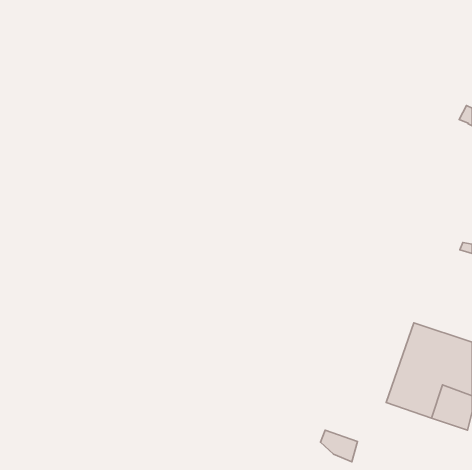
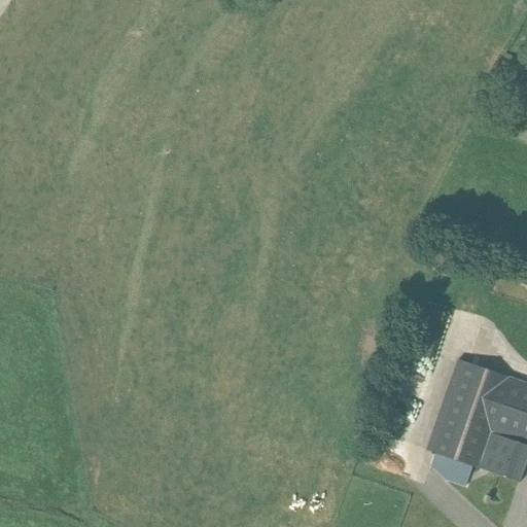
building: [321,430,358,462] -> [431,452,472,487]

